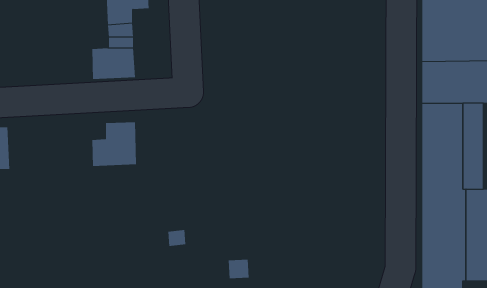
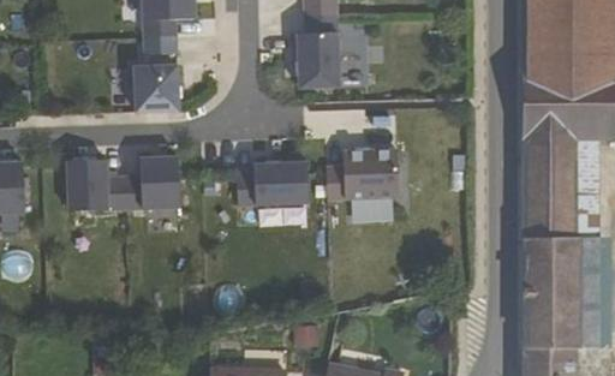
building: none -> [297,14,340,78]
building: none -> [326,153,399,203]
building: none -> [67,159,125,213]
building: none -> [235,161,298,205]

